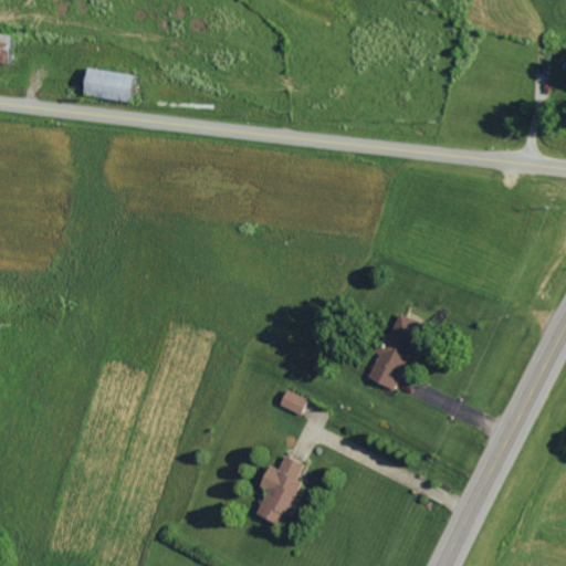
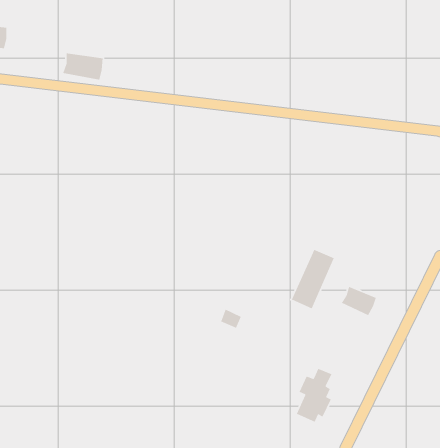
building: none -> [341,286,377,316]
building: [255,455,302,525] -> [296,368,333,423]

